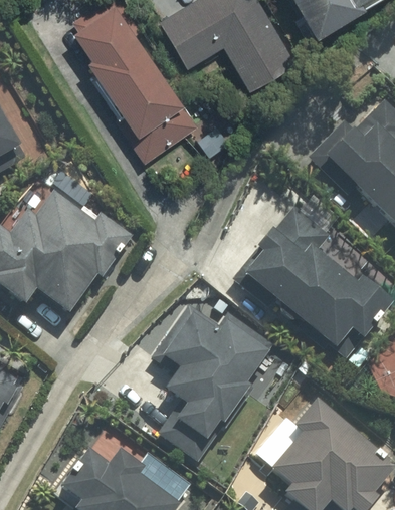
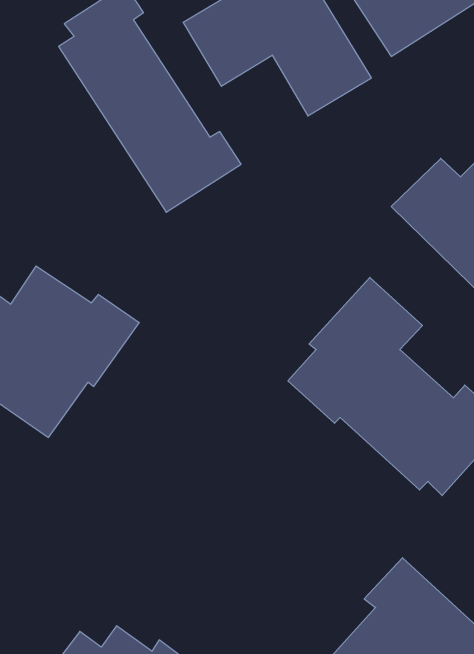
building: [156,302,292,463] -> none

